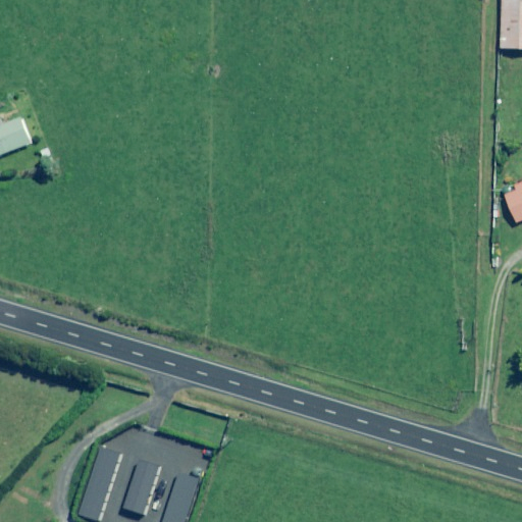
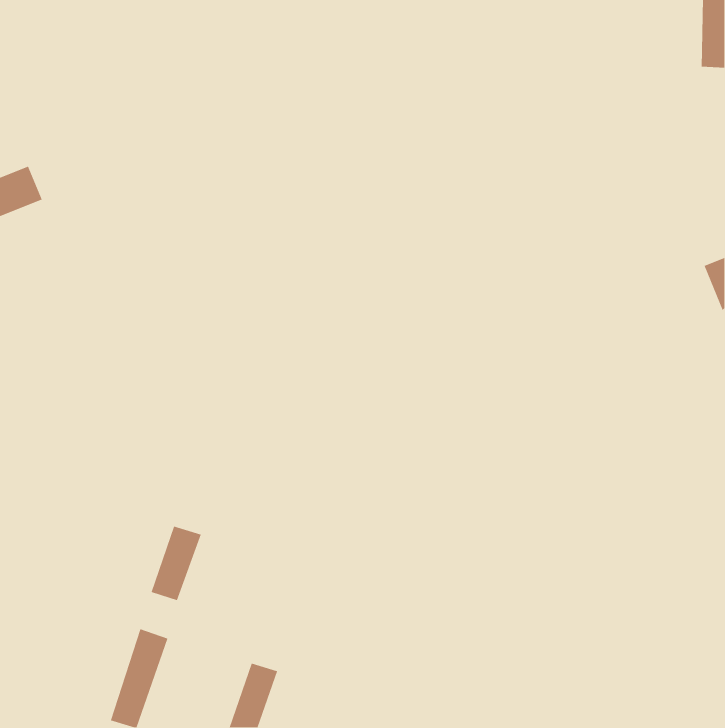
building: [123,461,160,515] -> [151,526,202,601]

